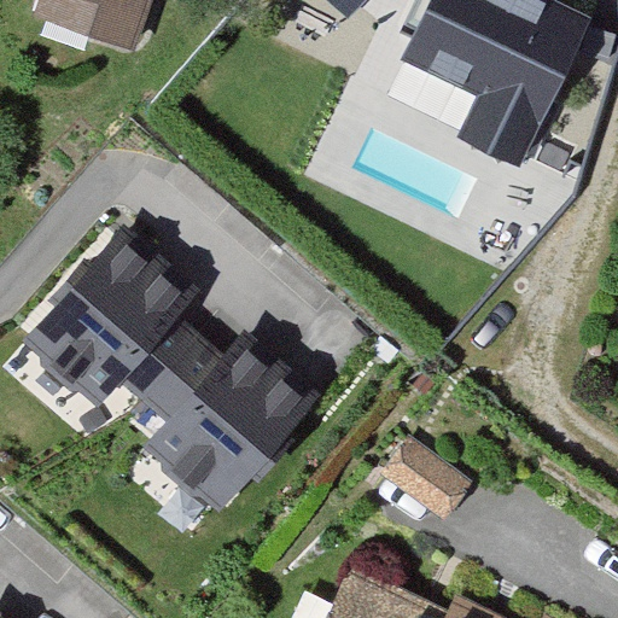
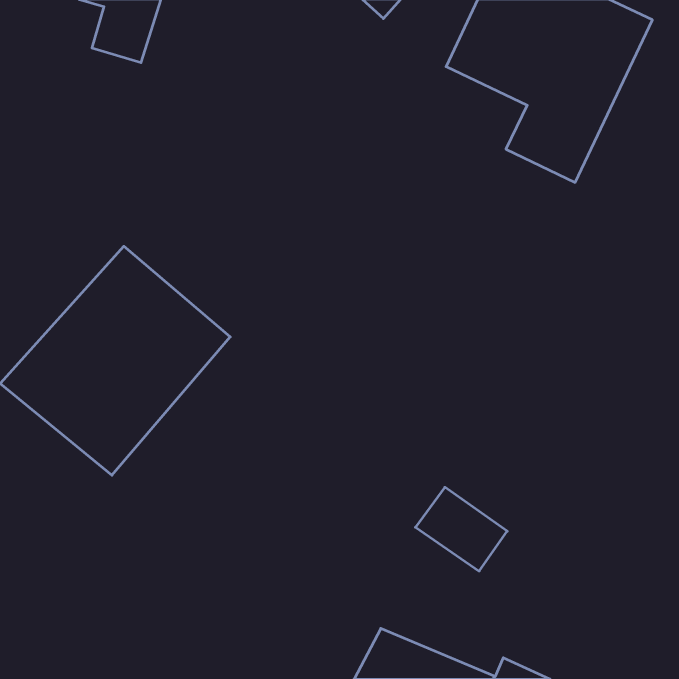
building: [103,305,320,521] -> none

